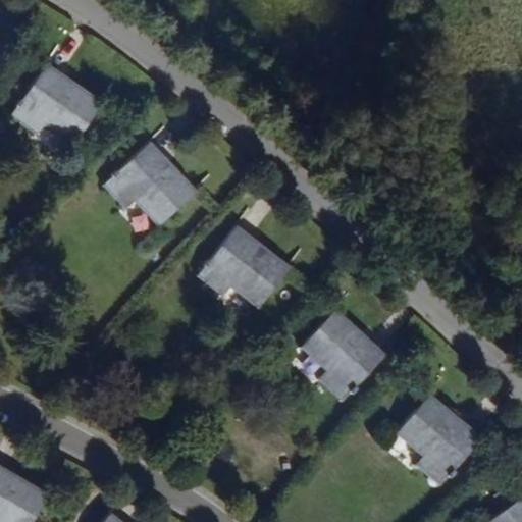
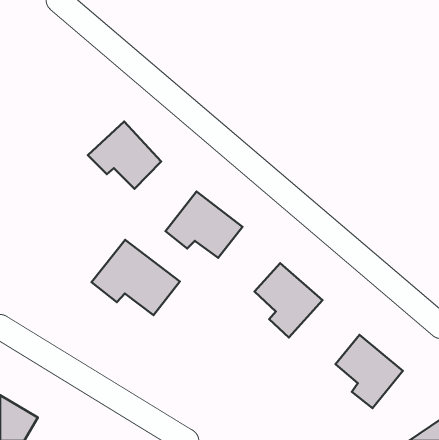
building: [13,66,100,141] -> none
building: none -> [92,240,180,315]

